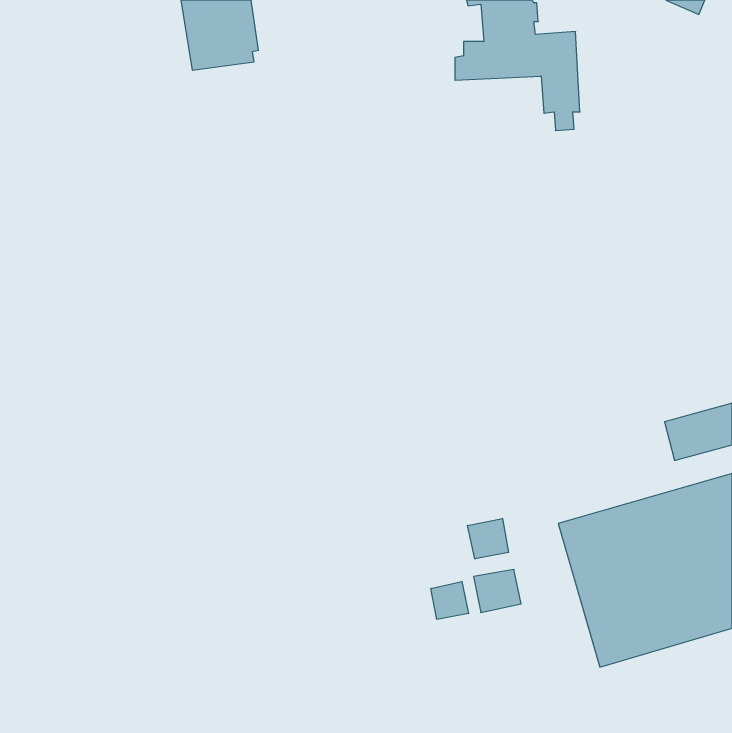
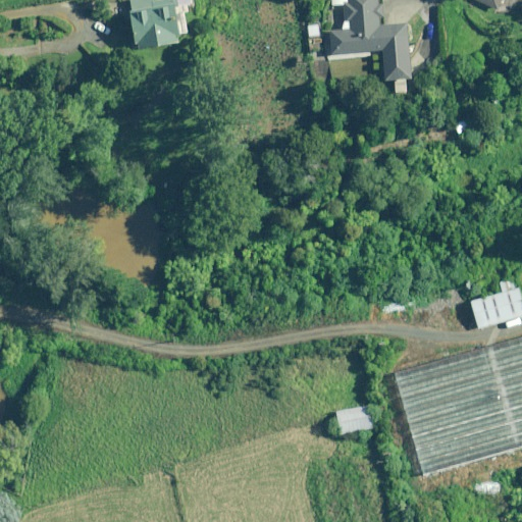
building: [467,518,509,559] -> none
building: [431,581,468,619] -> none

